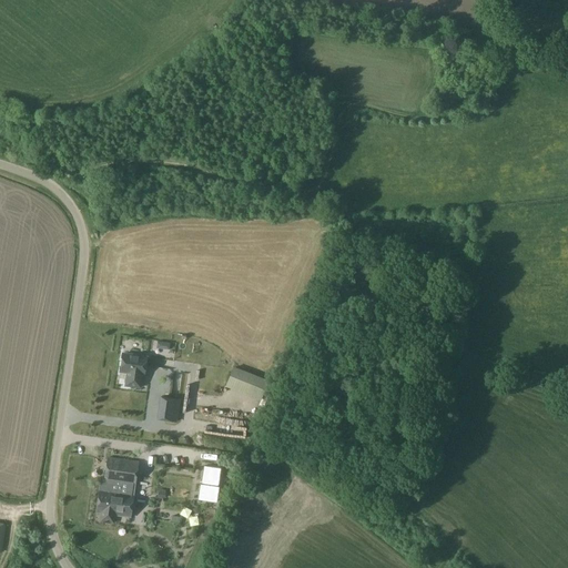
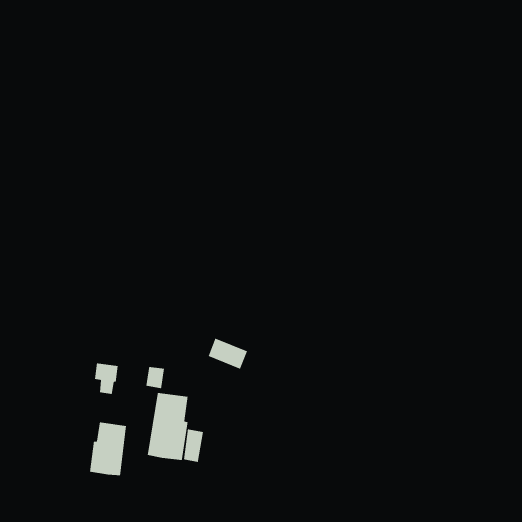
building: [121,353,148,387] -> [94,363,119,395]
building: none -> [147,392,188,461]

